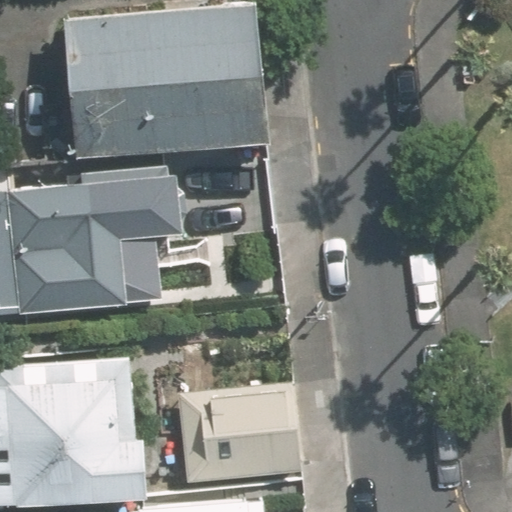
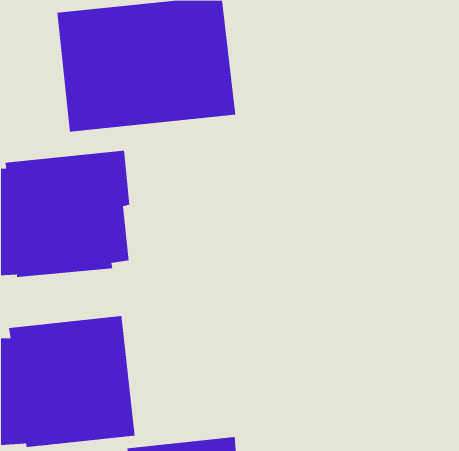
building: [183,386,300,485] -> none

